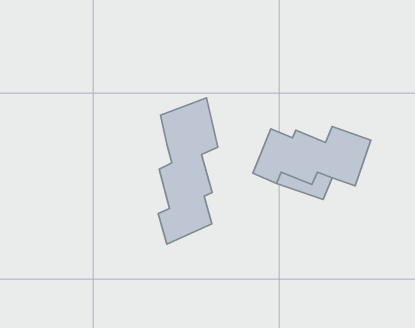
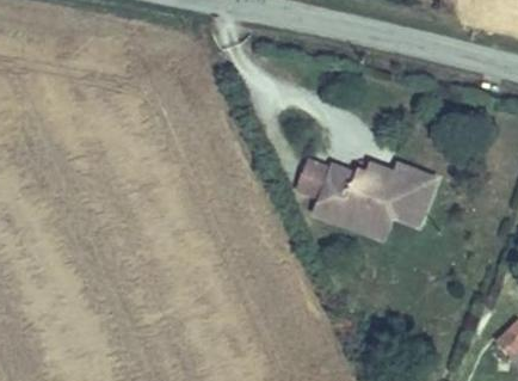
building: [158,98,218,244] -> none

